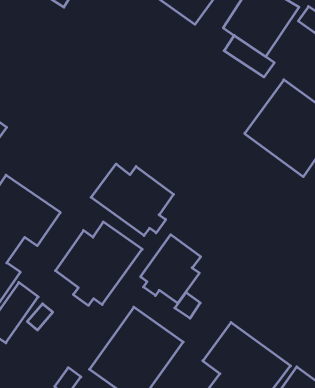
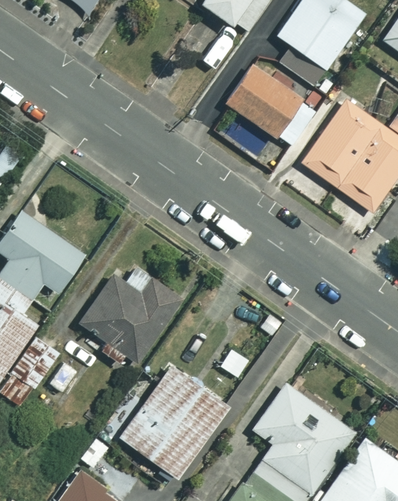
building: none -> [227,63,316,147]
building: [91,164,174,236] -> none
building: [141,235,201,303] -> none

